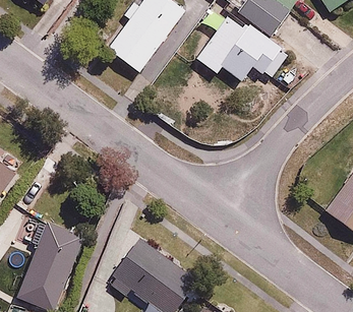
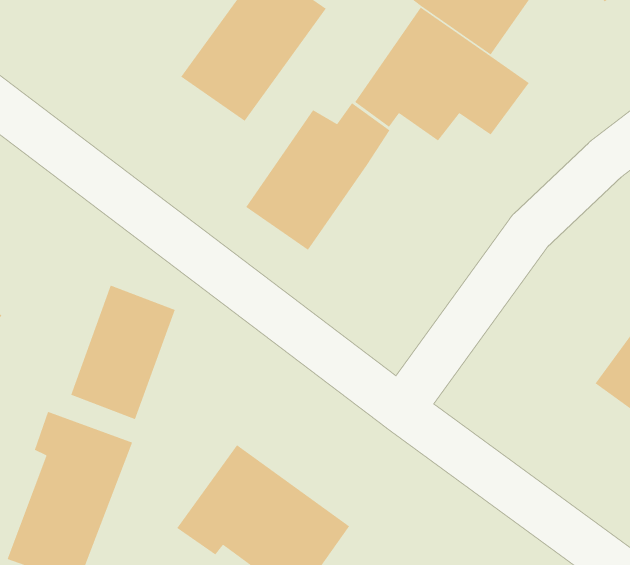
building: none -> [245,102,390,251]
building: none -> [70,285,176,420]

